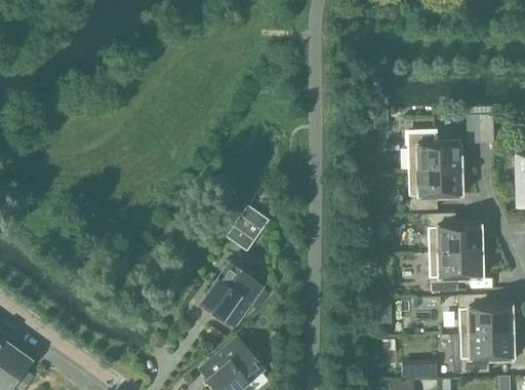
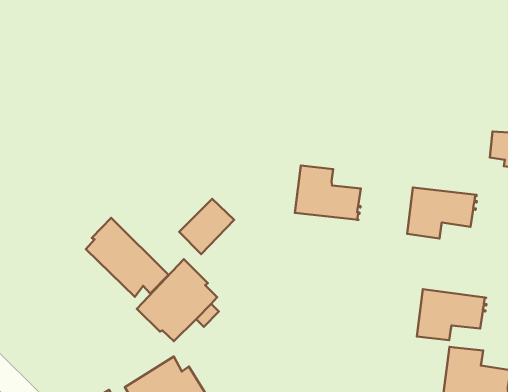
building: [408,131,461,171] -> [295,165,361,220]
building: [429,213,482,252] -> none
building: none -> [86,218,168,297]

